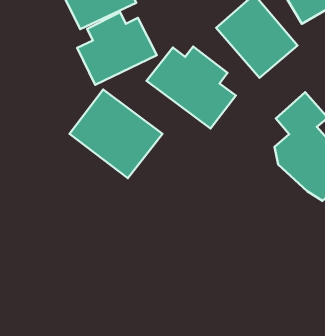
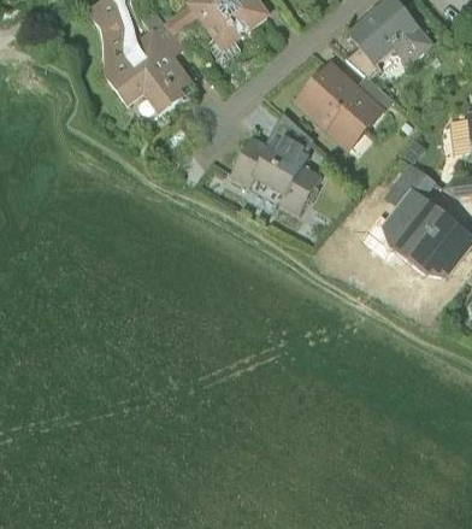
building: [77,12,157,85] -> none
building: [70,90,162,178] -> none

